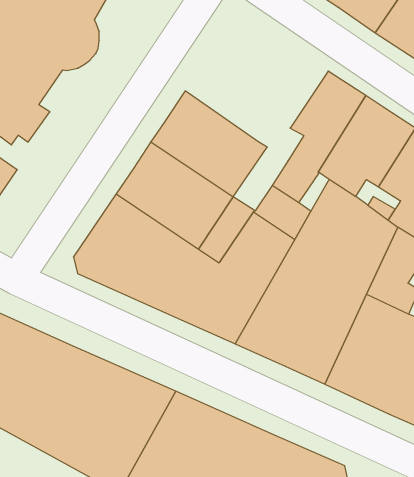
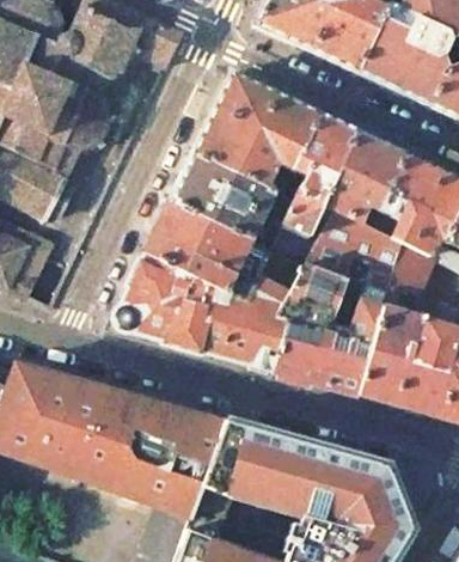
building: none -> [195,72,320,187]

